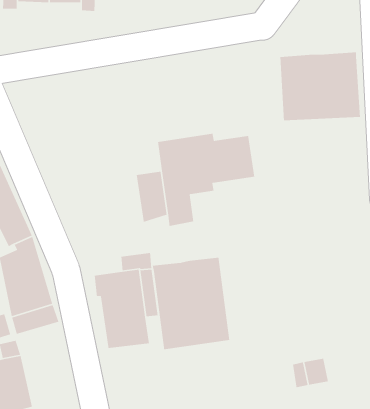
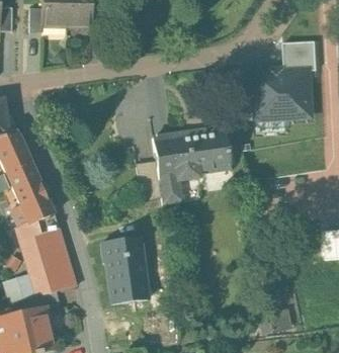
building: none -> [283,40,317,69]
building: [152,257,230,350] -> none

